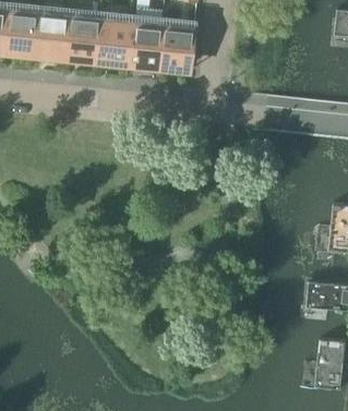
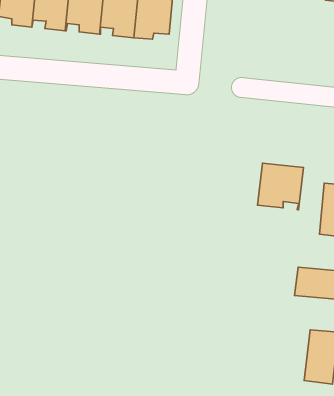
building: none -> [258,163,303,210]

